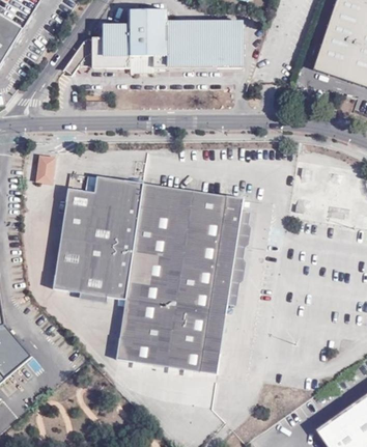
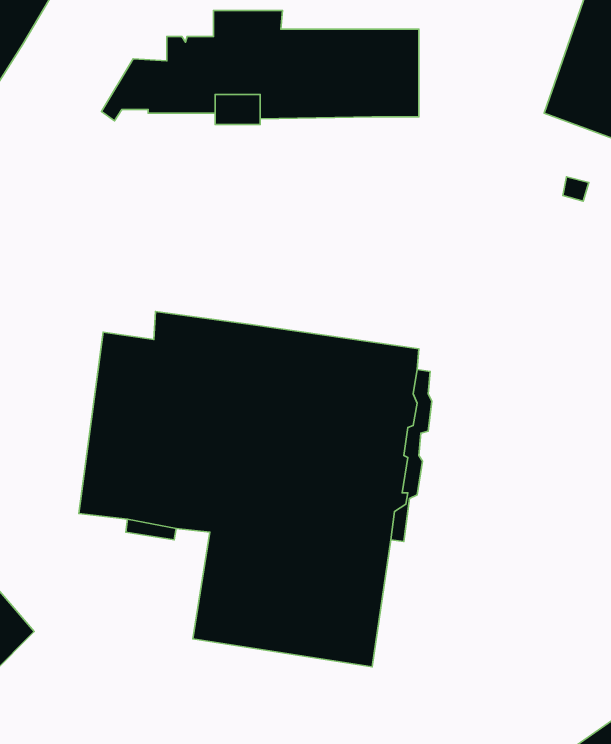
building: [36,151,56,181] -> none

